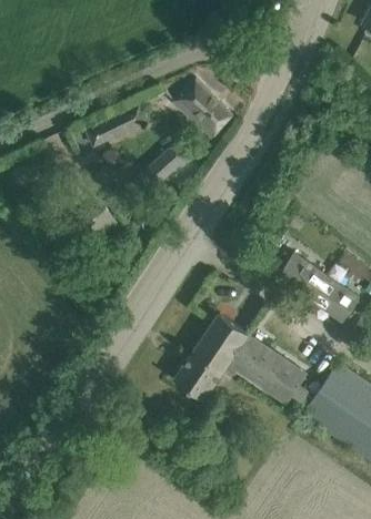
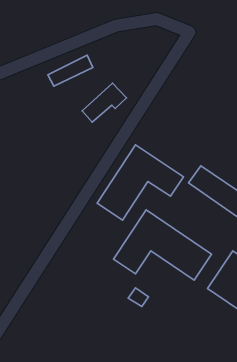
building: [172,78,233,138] -> none
building: none -> [97,145,183,220]

